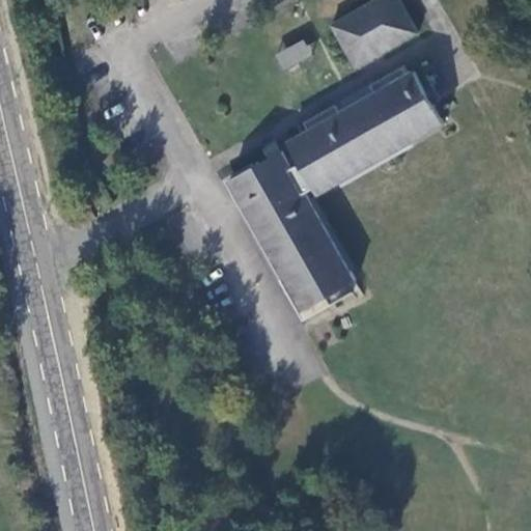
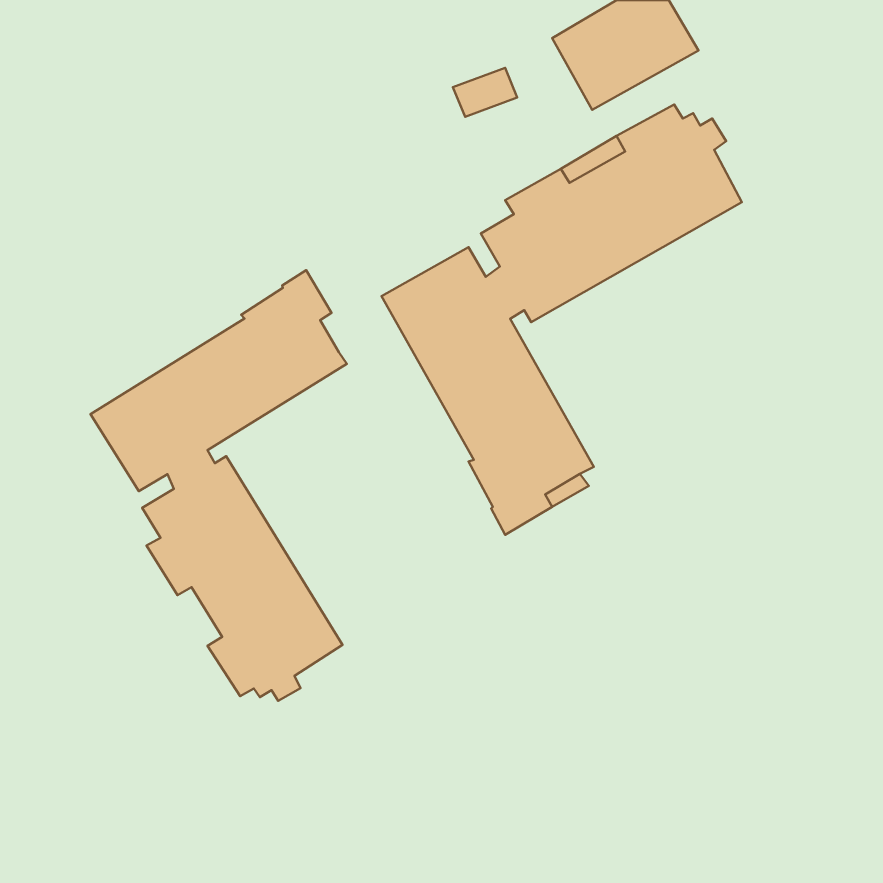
building: none -> [90,270,347,701]

